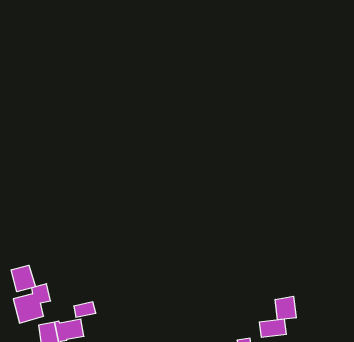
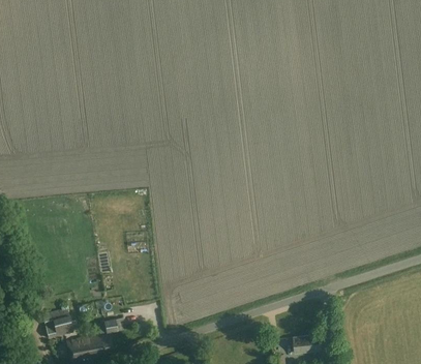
building: [11,265,35,292] -> none
building: [275,296,296,320] -> none

